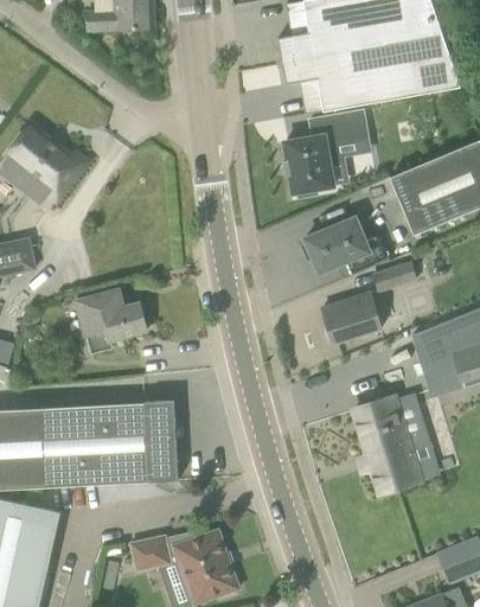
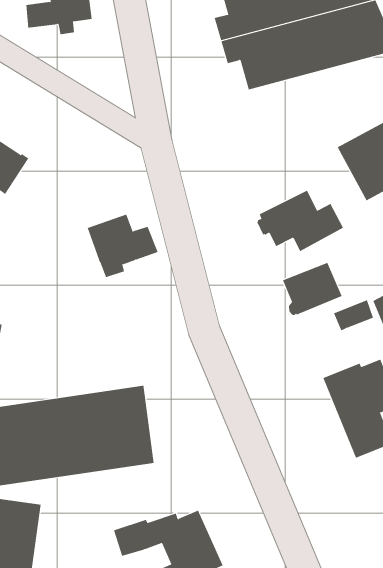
building: [283,110,367,197] -> none
building: [373,263,414,293] -> [333,300,374,331]
building: [77,289,147,352] -> [87,214,159,278]

